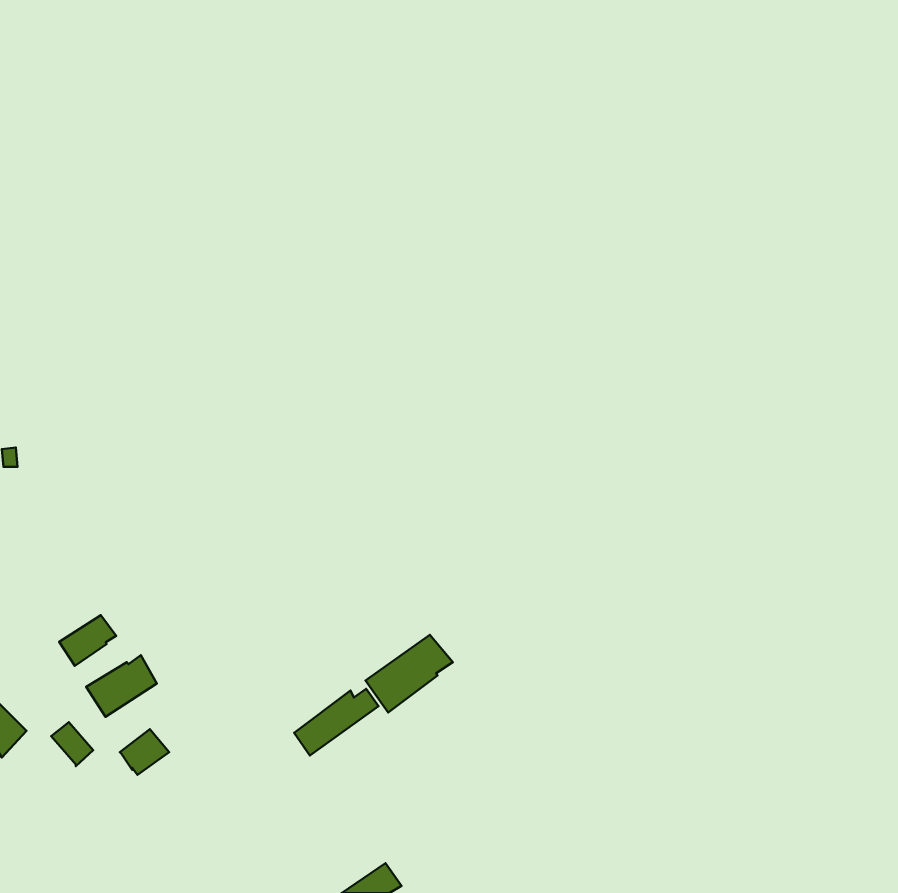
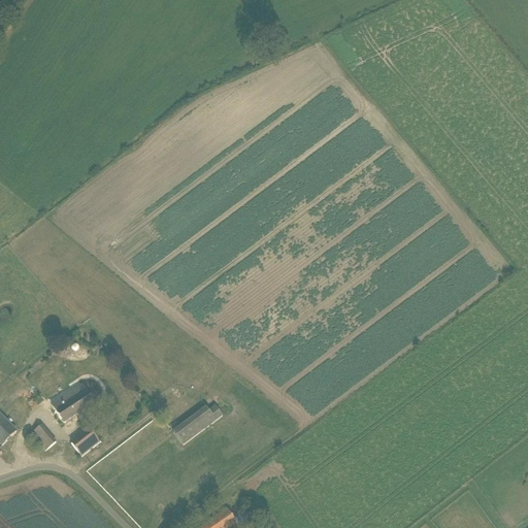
building: [59,615,116,666] -> none
building: [365,635,453,713] -> none

